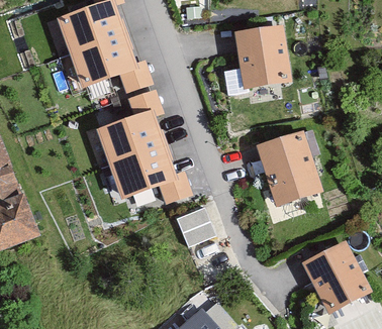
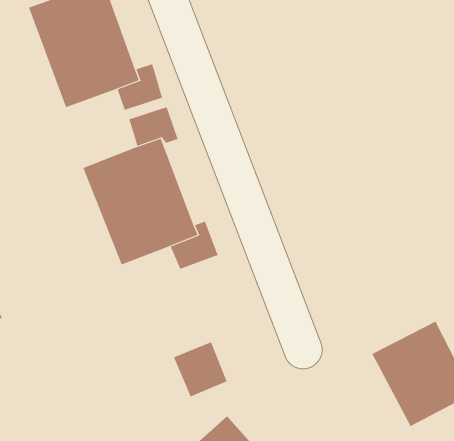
building: [222,22,294,93] -> none
building: [256,132,321,206] -> none
building: [174,204,212,243] -> [173,341,227,397]

